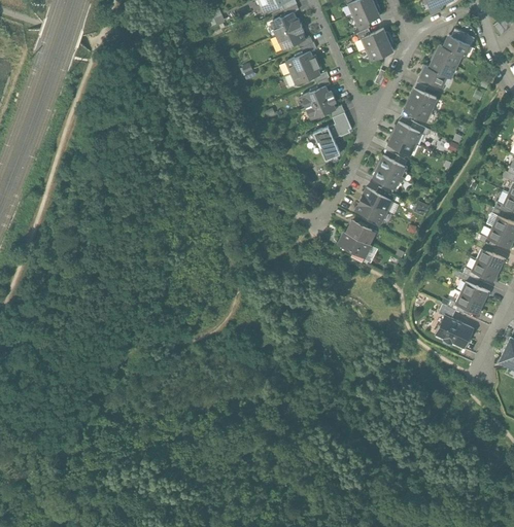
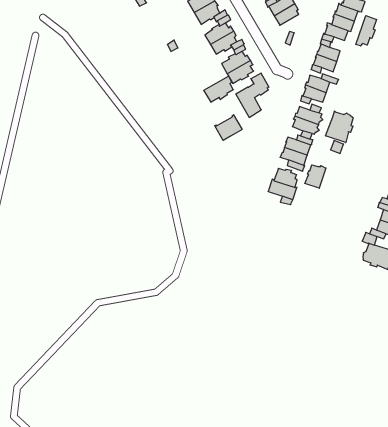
building: none -> [356,16,377,46]
building: none -> [204,76,233,102]
building: none -> [215,115,242,140]
building: none -> [326,111,353,143]
building: none -> [305,165,326,188]

